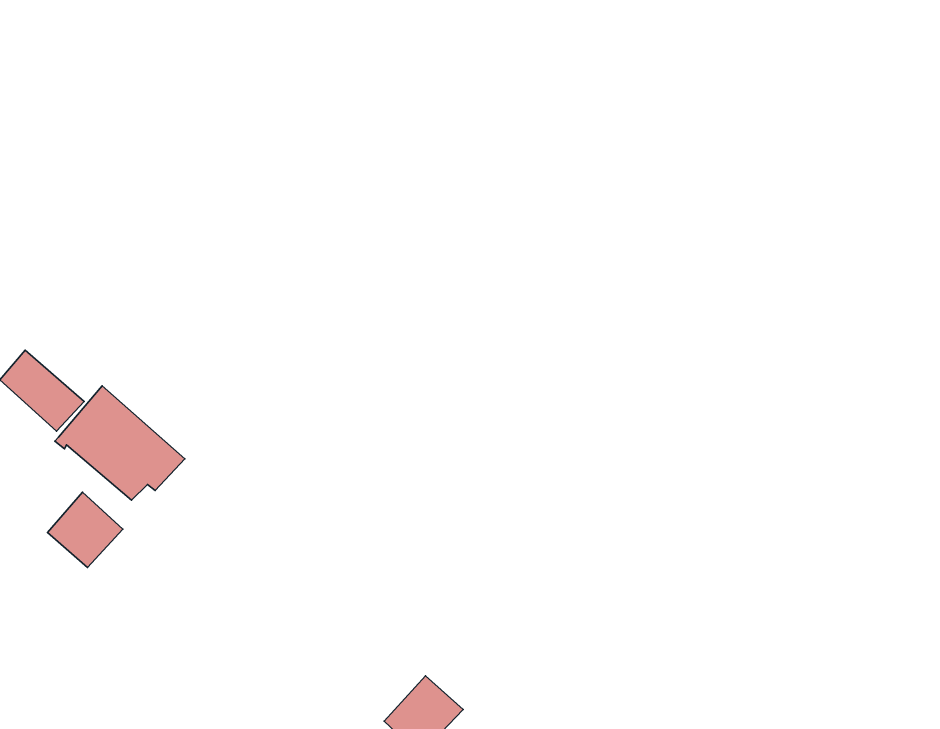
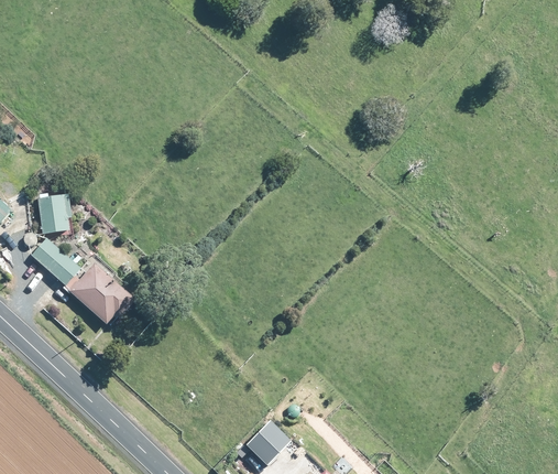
building: none -> [37,194,72,233]
building: [48,492,123,568] -> none

